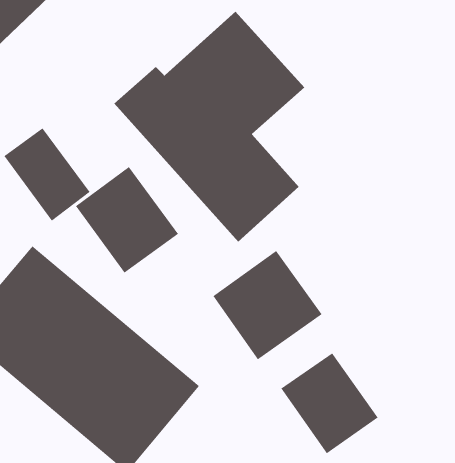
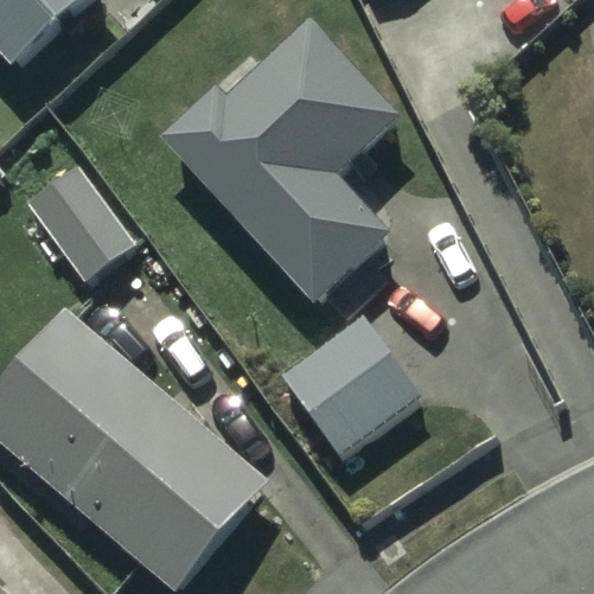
building: [75,166,179,274] -> none
building: [281,352,378,454] -> none

